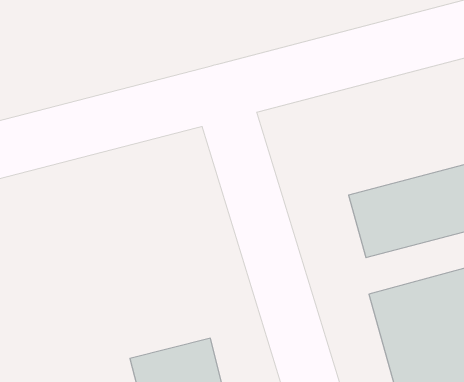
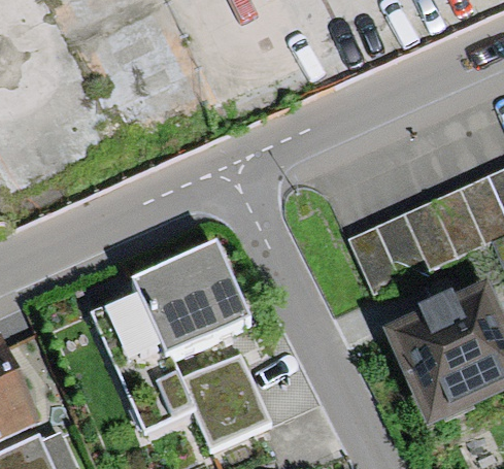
building: none -> [122,258,251,386]

